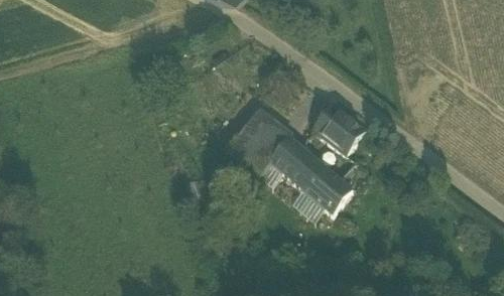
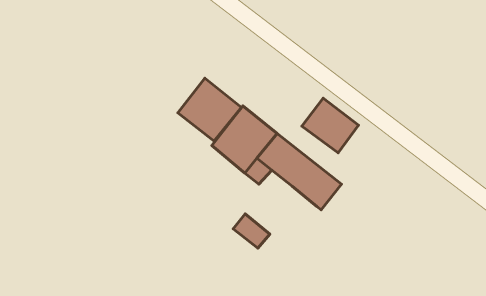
building: none -> [178,78,241,141]
building: [292,183,327,215] -> [233,214,270,248]

